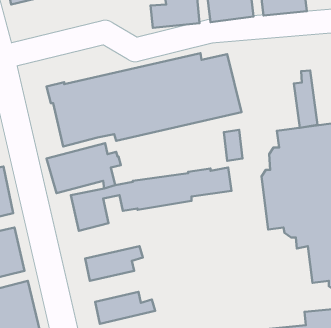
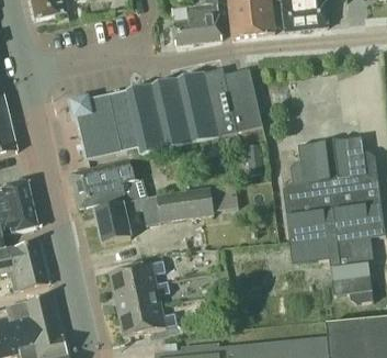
building: [294,71,318,128] -> none
building: none -> [113,280,170,314]

